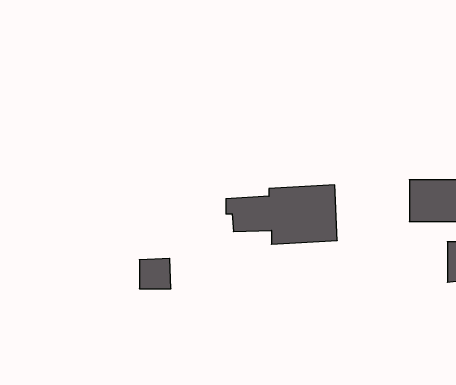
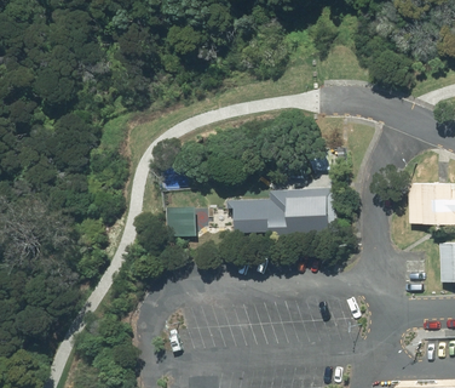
building: [139,258,171,289] -> [166,205,196,234]

